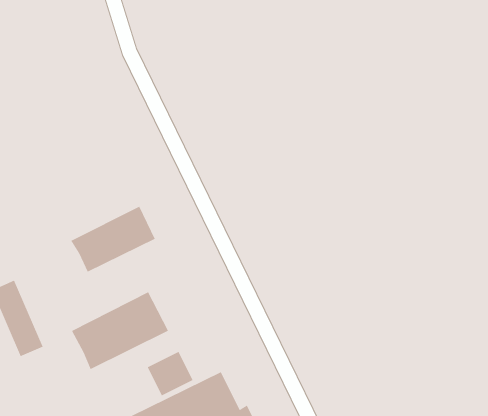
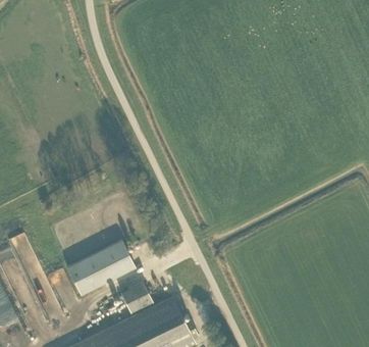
building: [71,206,155,272] -> none

